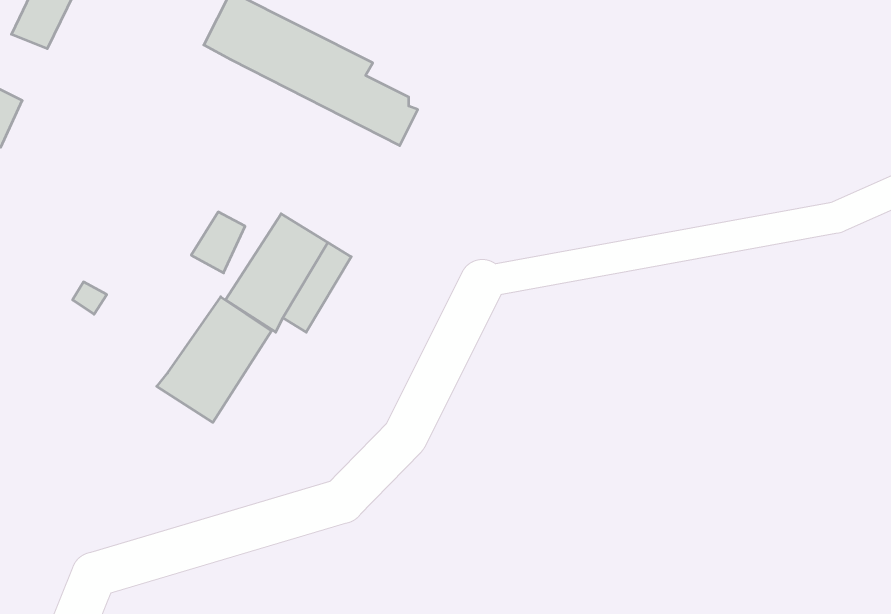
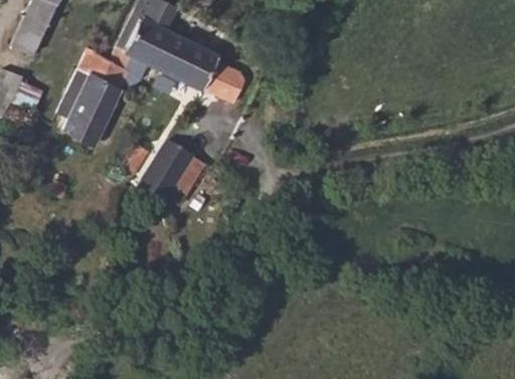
building: none -> [60,49,150,145]
building: [157,297,272,422] -> none

